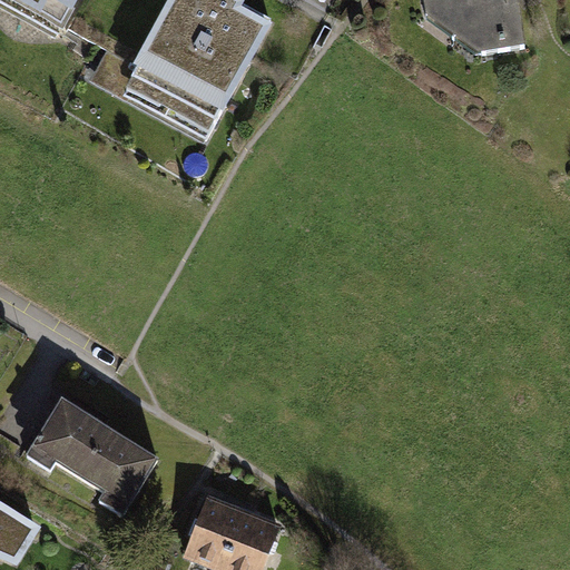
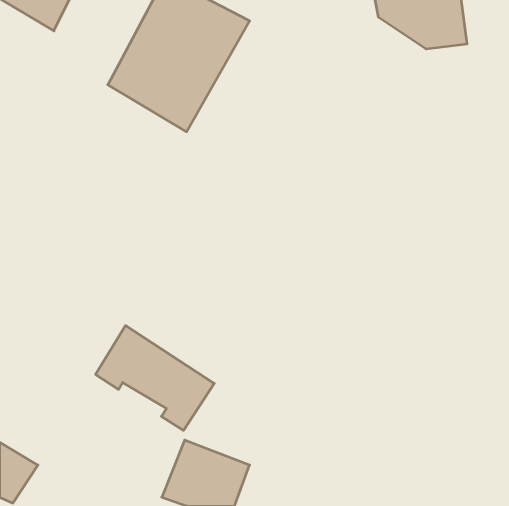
building: [22,393,155,510] -> [96,326,214,430]

